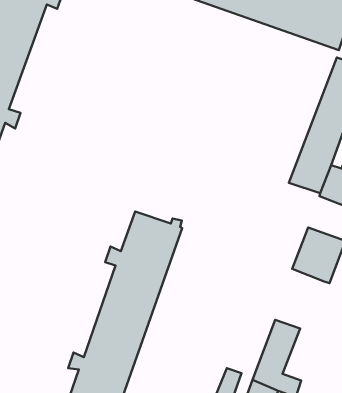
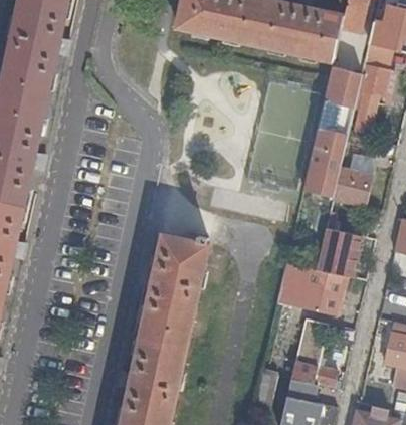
building: none -> [276,262,346,316]

